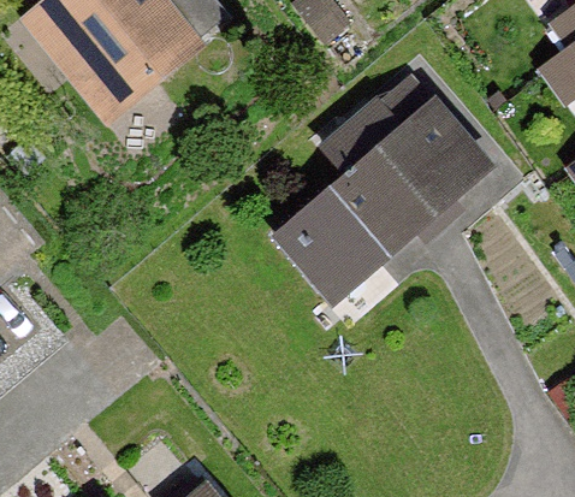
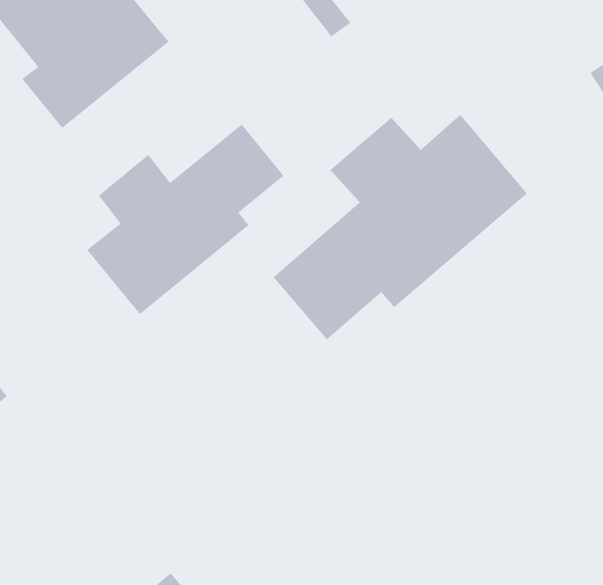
building: none -> [86,124,285,315]

